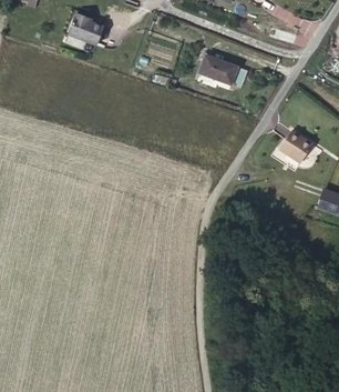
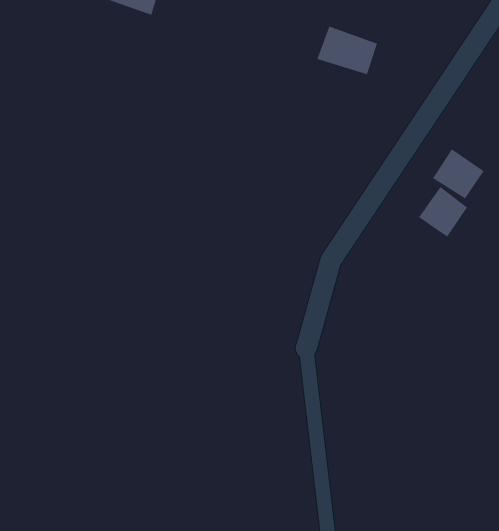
building: none -> [418,186,468,237]

